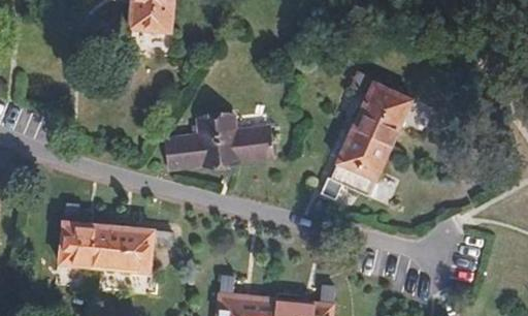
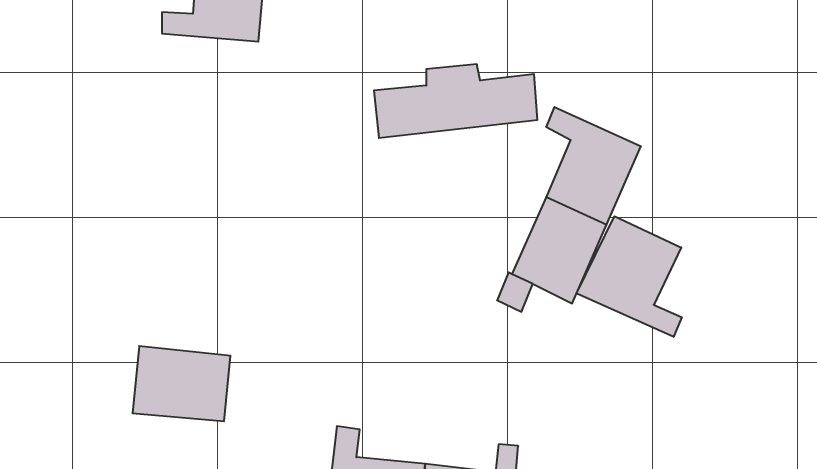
building: [168,122,271,168] -> [374,64,537,138]
building: none -> [577,216,682,337]
building: [59,203,96,266] -> none

